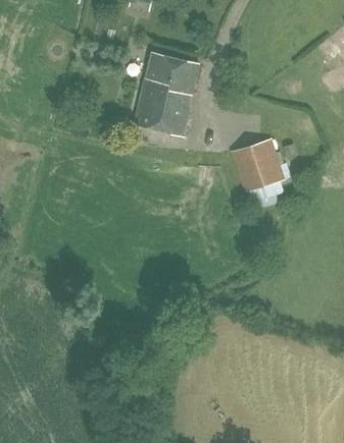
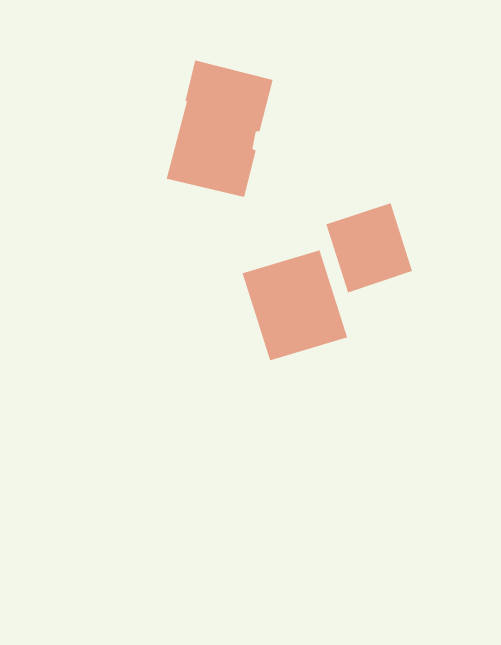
building: none -> [242,250,348,361]

